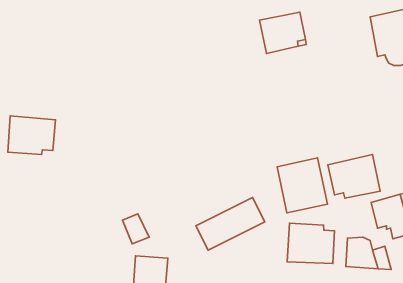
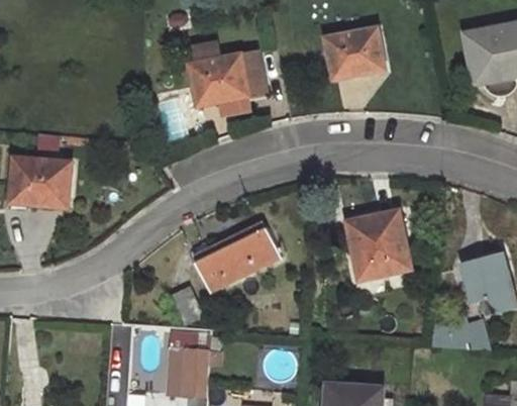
building: none -> [188,42,263,115]
building: [328,155,380,198] -> none
building: [196,198,265,250] -> [195,226,281,292]
building: [287,223,334,263] -> none

